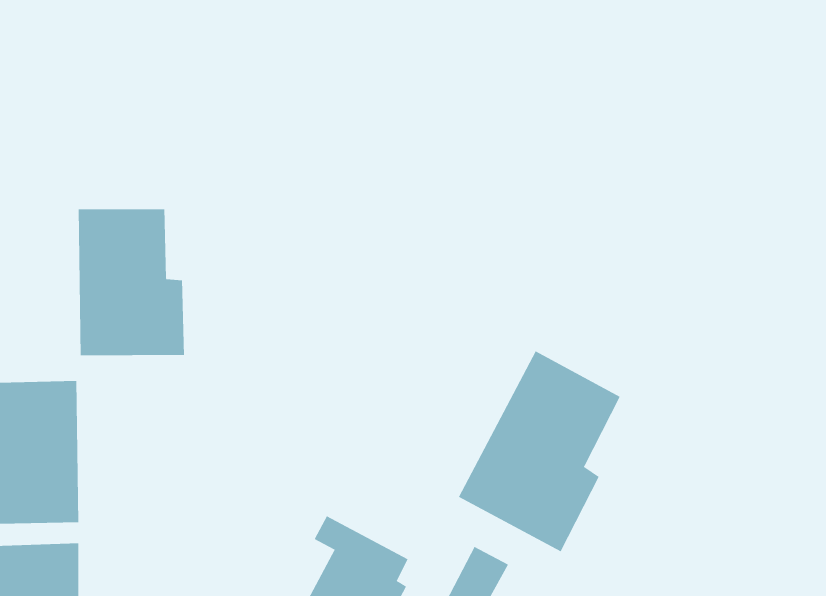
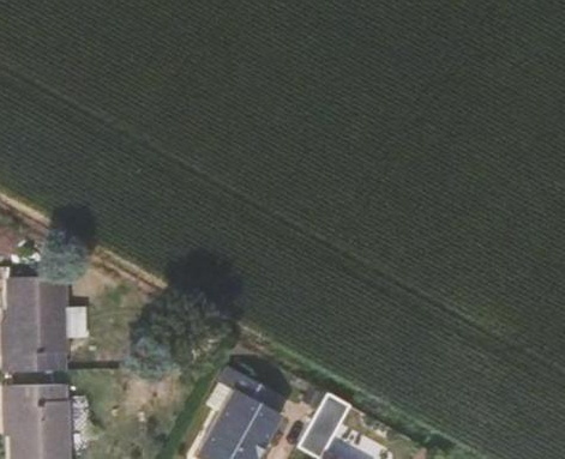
building: [78,209,184,356] -> none
building: [458,351,620,552] -> none

